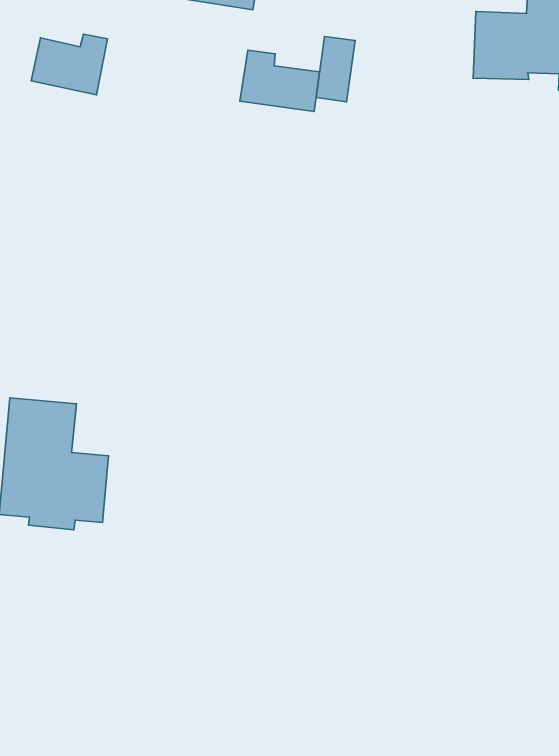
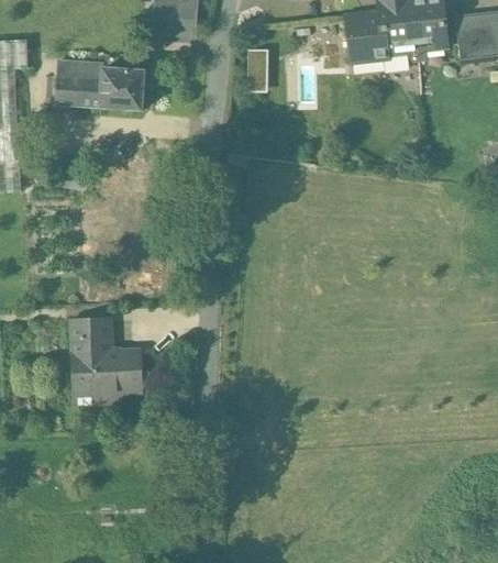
building: none -> [98,67,142,110]
building: [240,50,320,111] -> none

